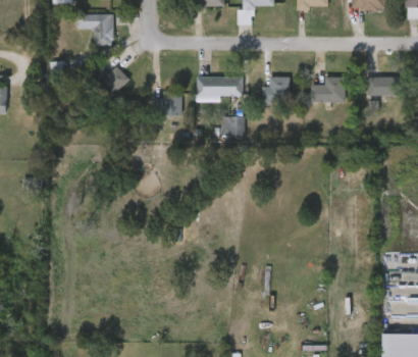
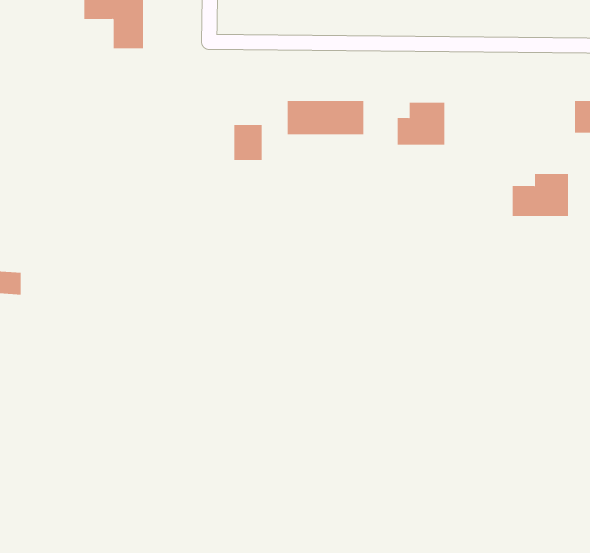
building: [92,66,128,97] -> none
building: [311,78,345,103] -> [512,174,569,217]
building: [222,116,246,136] -> none

